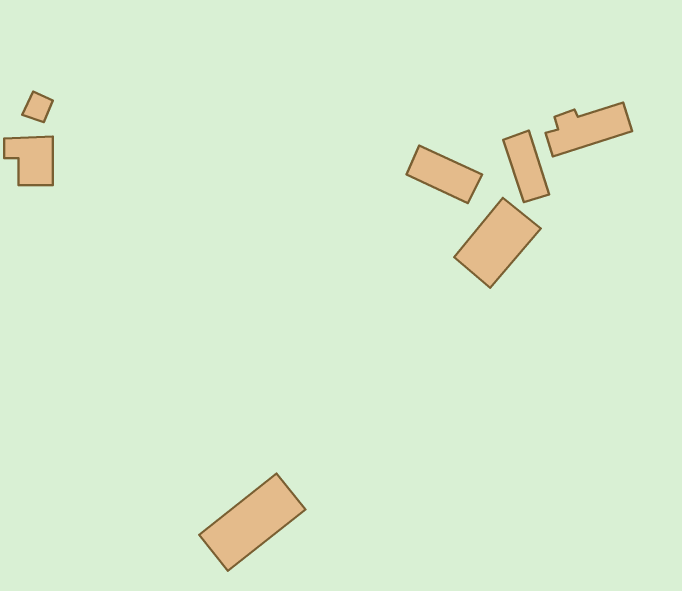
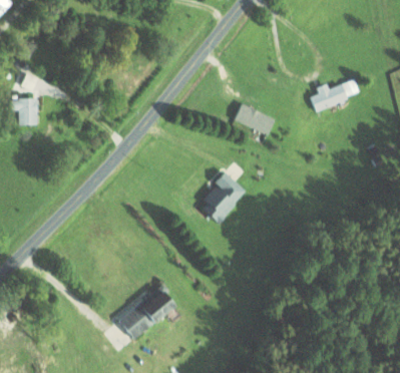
building: [503,130,549,202] -> none
building: [454,198,541,288] -> [198,172,247,223]

